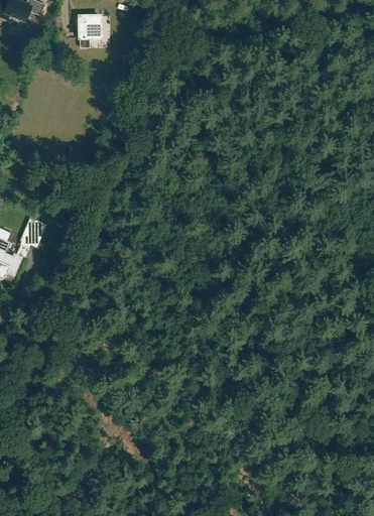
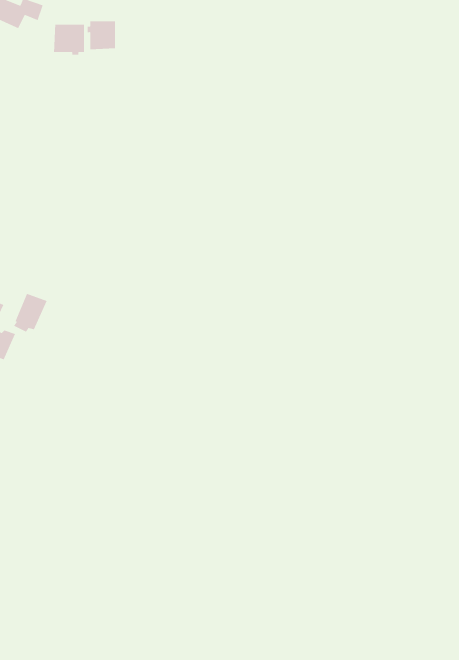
building: none -> [54,24,85,56]

